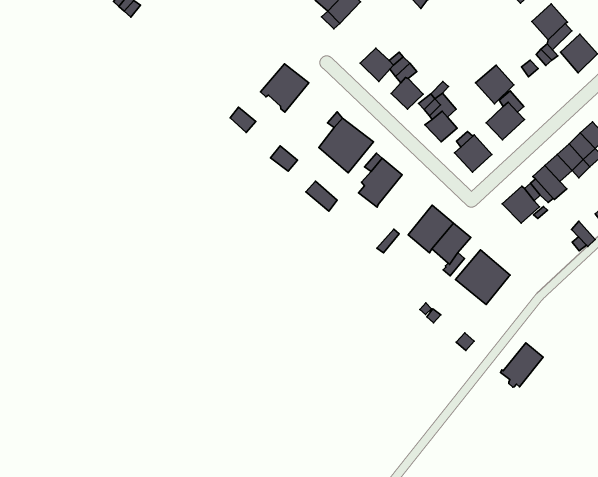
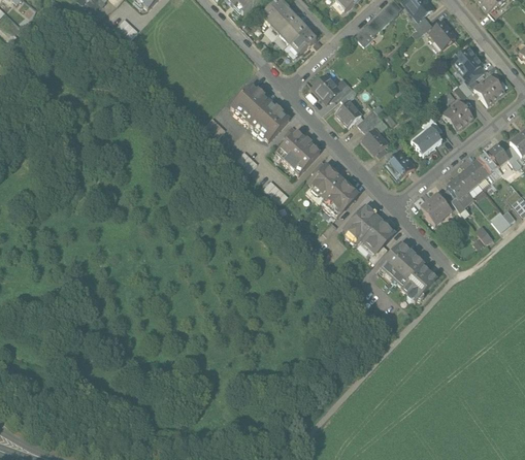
building: [475,65,514,104] -> [442,98,473,129]
building: none -> [250,99,290,139]
building: none -> [321,177,358,215]
building: [501,343,543,387] -> [401,264,436,299]

